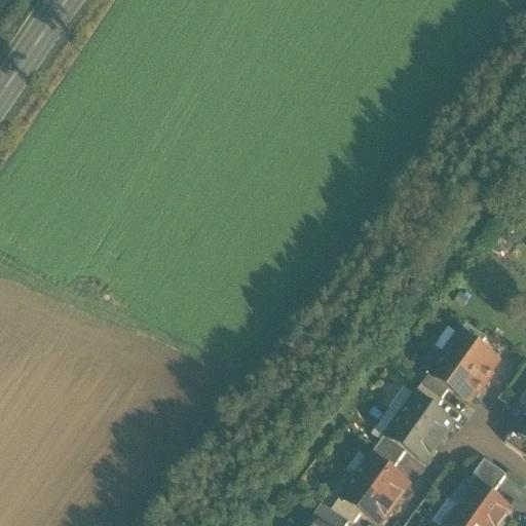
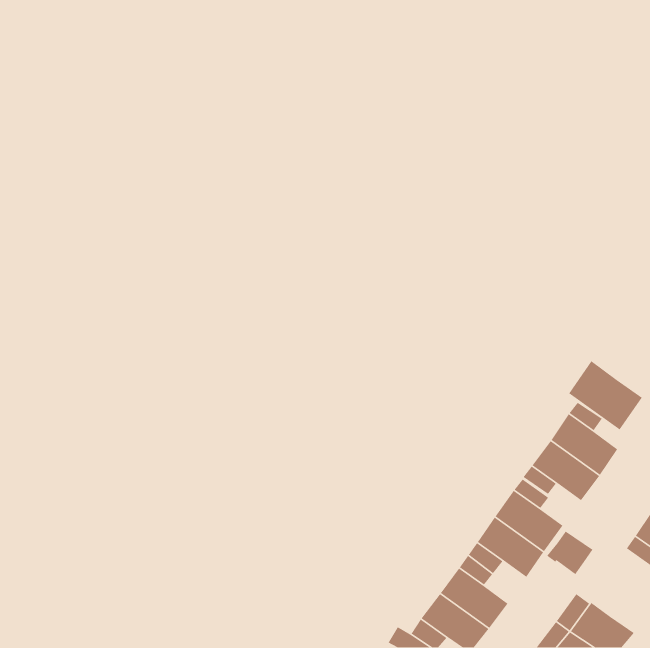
building: none -> [568,360,643,431]
building: [469,460,508,496] -> [546,530,593,575]

